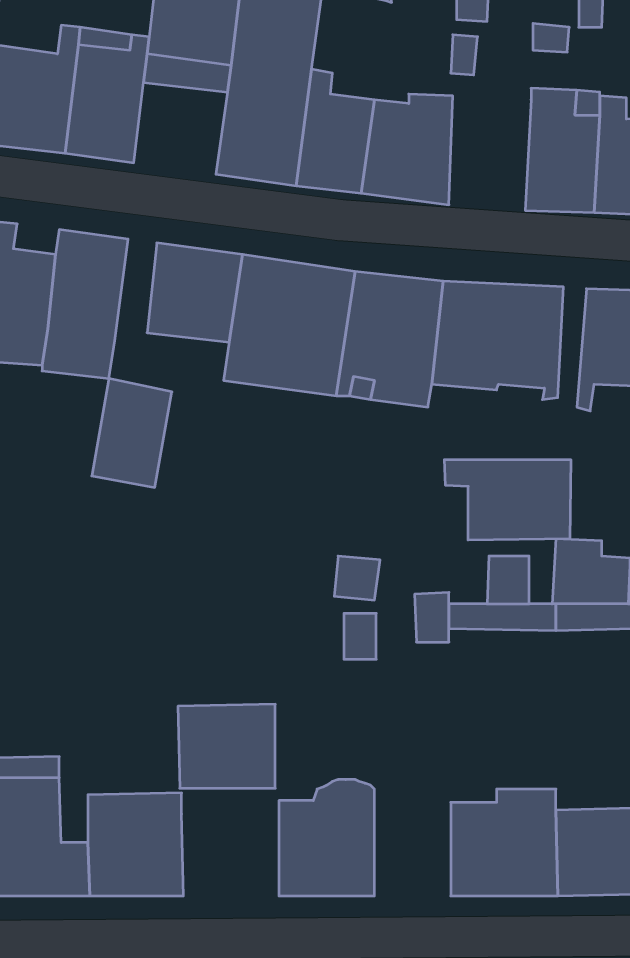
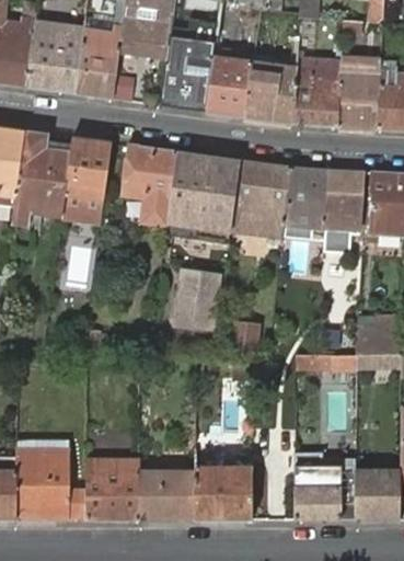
building: none -> [293,50,340,126]
building: [92,379,172,487] -> [170,270,216,332]
building: [444,460,571,540] -> none
building: [178,704,275,788] -> [140,471,196,519]

